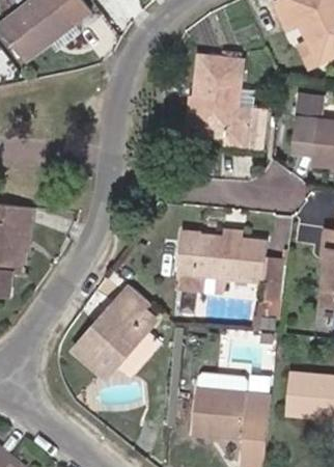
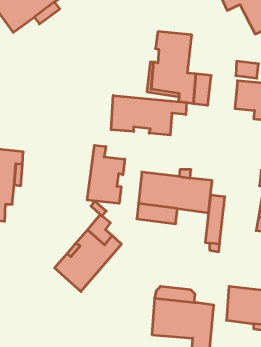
building: none -> [111,95,187,135]
building: none -> [87,145,125,203]

